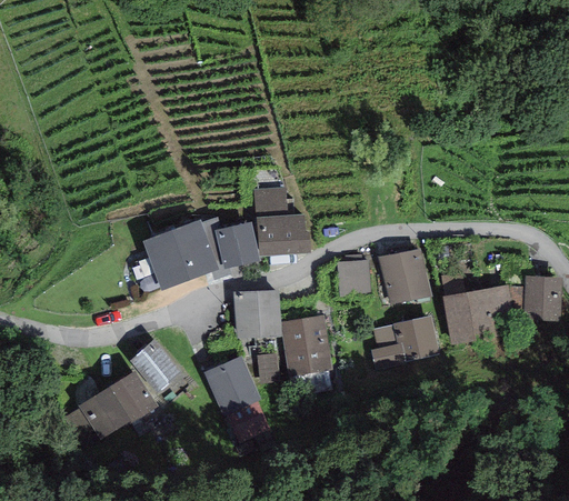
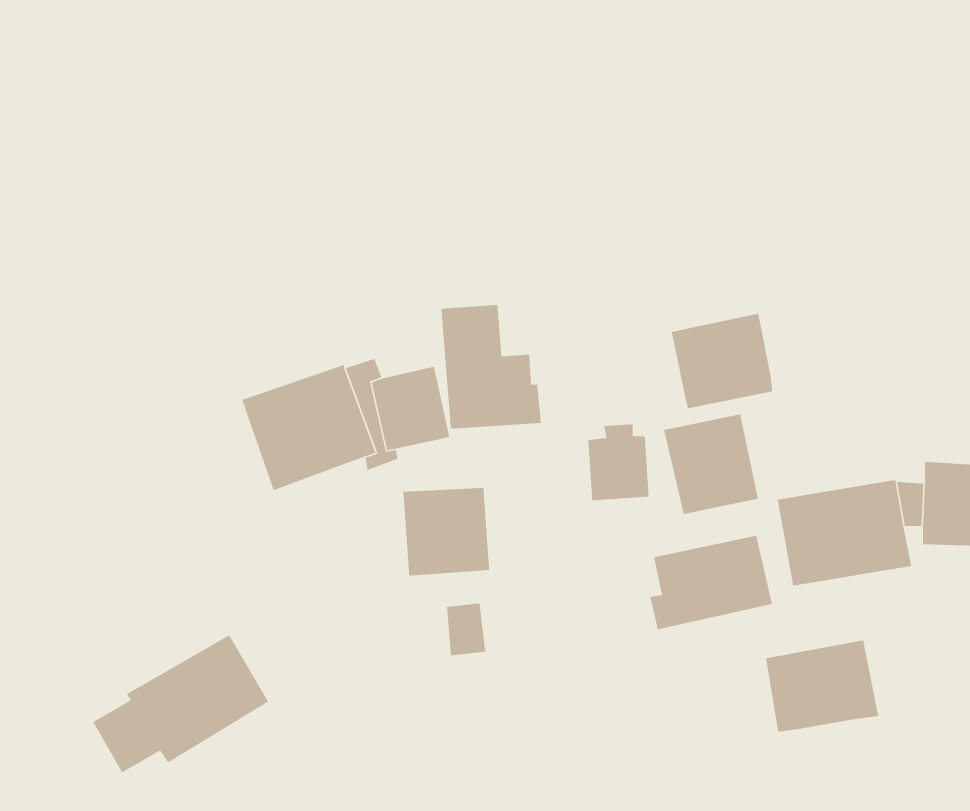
building: none -> [671,313,773,409]
building: [281,314,332,378] -> none
building: [130,339,181,391] -> none
building: [204,355,270,443] -> none
building: none -> [765,639,879,733]

